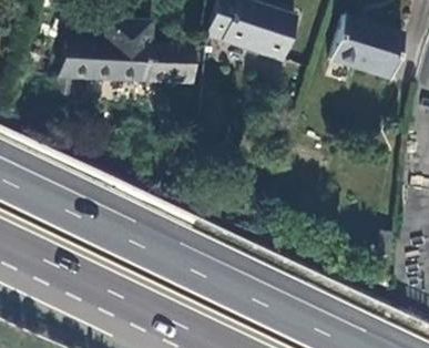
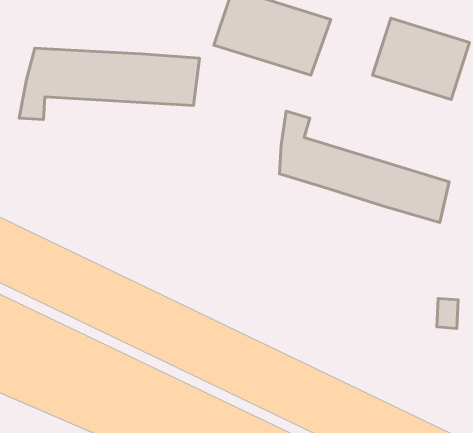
building: [108,19,154,44] -> none
building: none -> [280,111,449,222]

